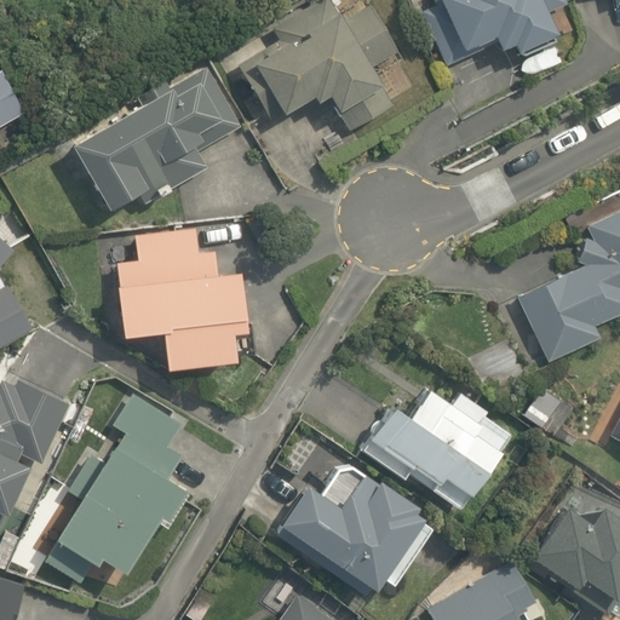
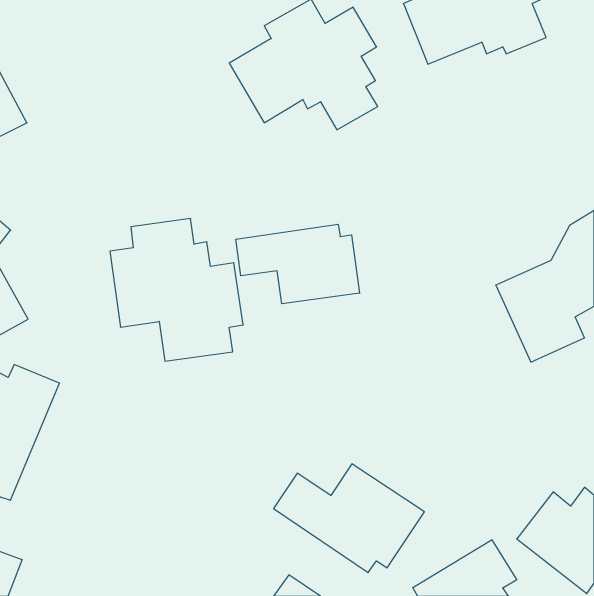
building: [73,68,241,216] -> none
building: none -> [236,224,360,304]
building: [42,388,188,584] -> none
building: [371,388,522,503] -> none

